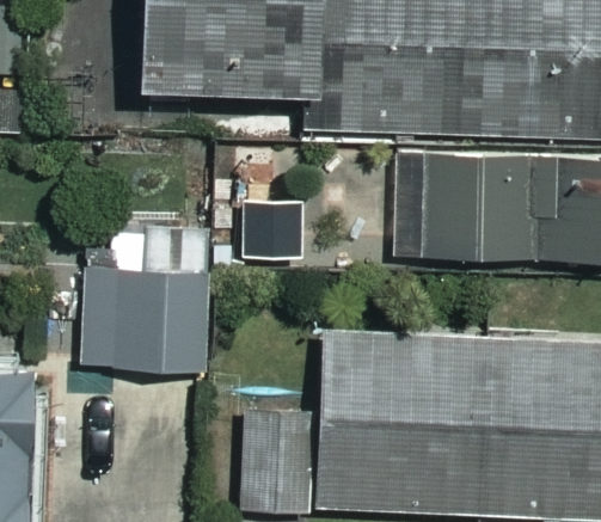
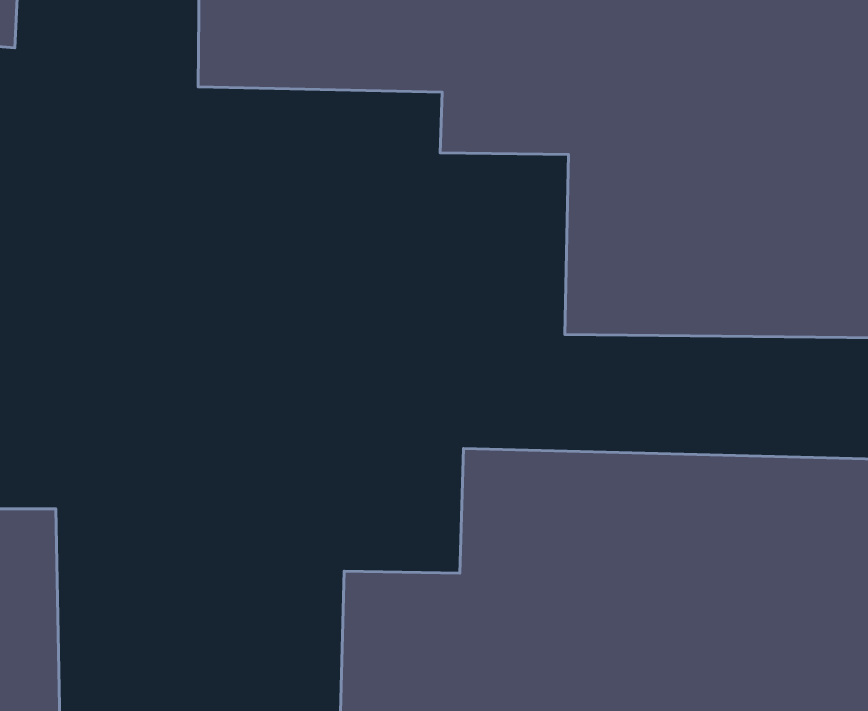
building: [82,229,209,370] -> none

